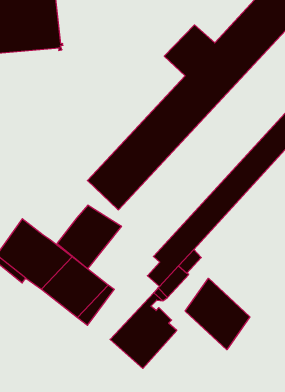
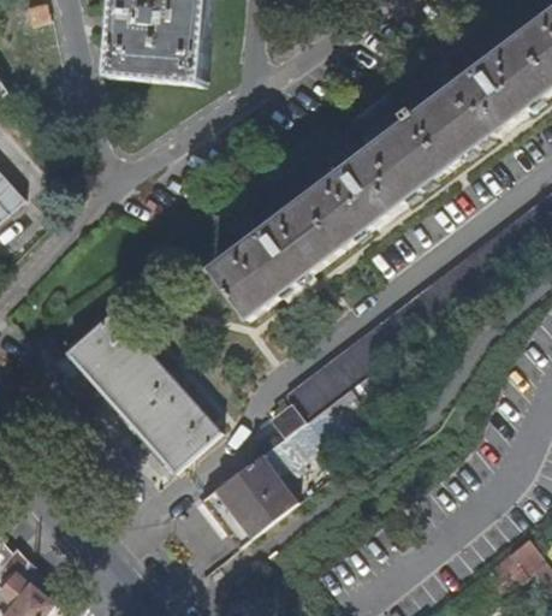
building: [58,205,121,269] -> none
building: [185,278,250,350] -> none

